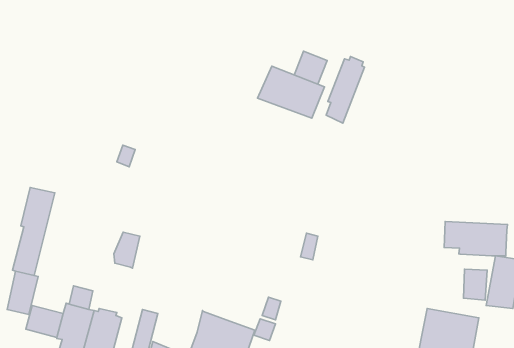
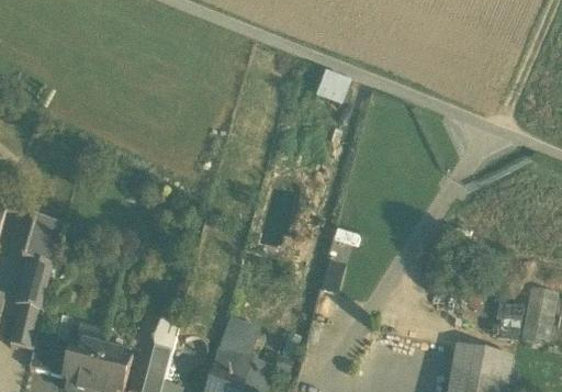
building: [326,56,365,123] -> none
building: [258,66,324,118] -> none
building: [444,222,507,256] -> none
building: [114,232,140,268] -> [153,311,180,349]
building: none -> [218,316,254,355]

